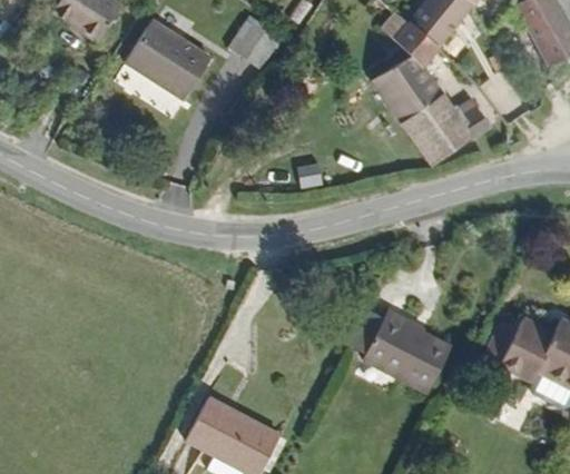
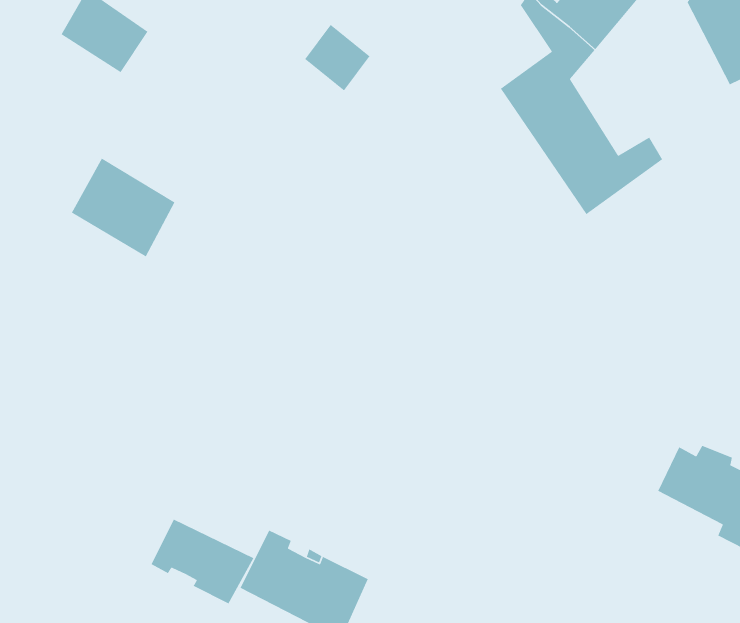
building: [135,34,210,107] -> [71,157,176,258]
building: [362,302,449,384] -> none
building: none -> [151,518,255,604]

